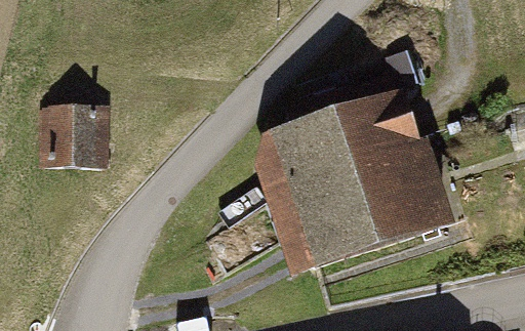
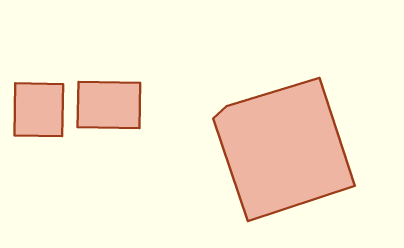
building: none -> [78,82,140,128]

